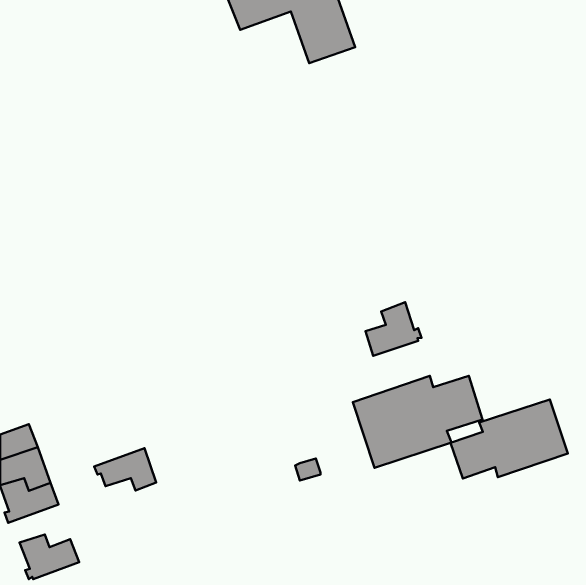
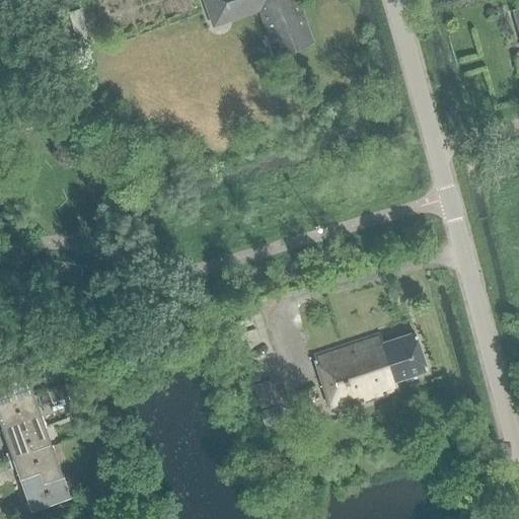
building: [365,302,422,356] -> none
building: [450,400,568,478] -> none
building: [94,448,156,491] -> [8,445,63,483]

